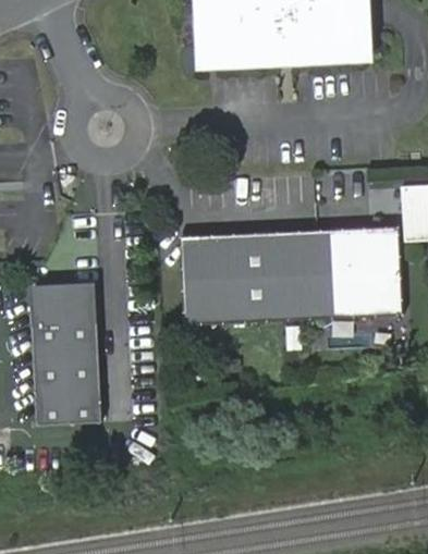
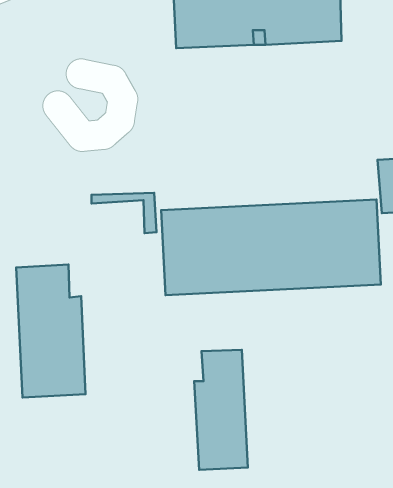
building: [30,284,97,325] -> [91,193,156,233]
building: none -> [194,350,248,470]

